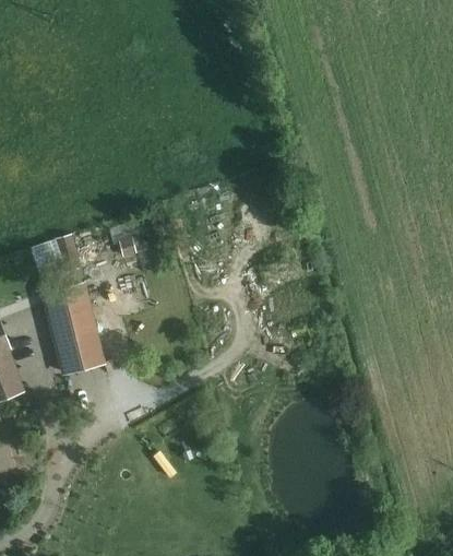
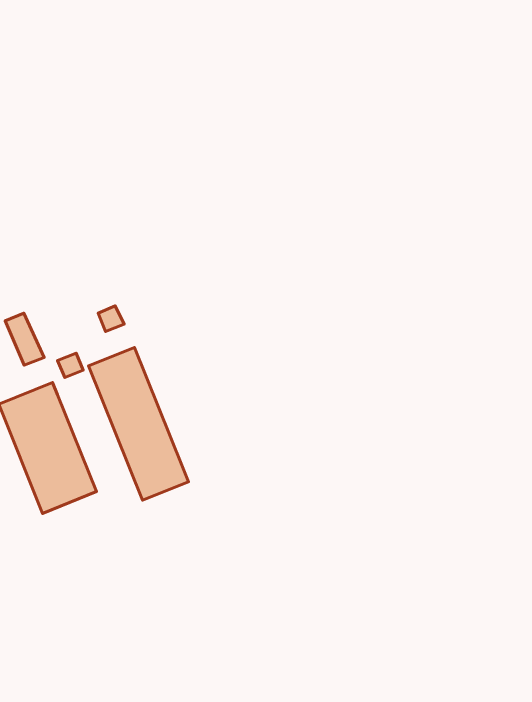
building: none -> [88,348,189,500]

